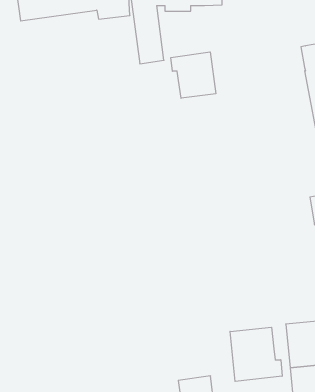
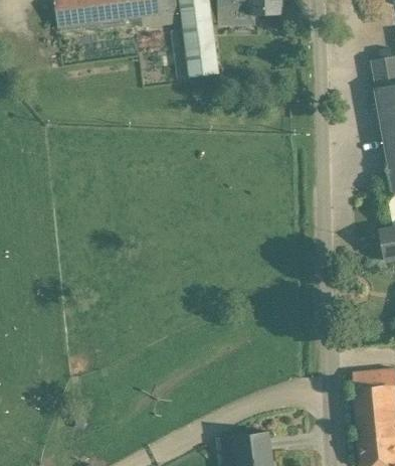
building: [171,52,216,98] -> none
building: [230,327,282,381] -> none

